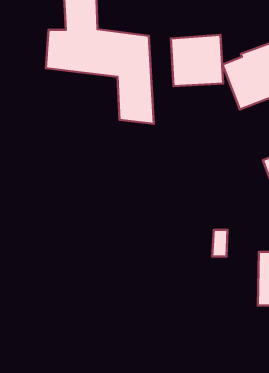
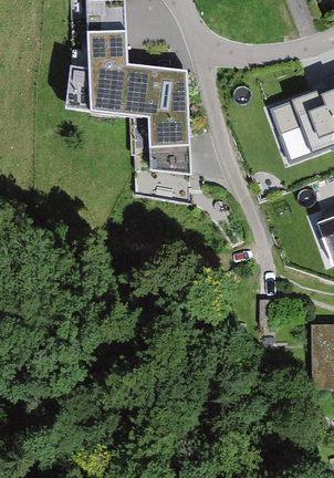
building: [171,35,223,86] -> none

